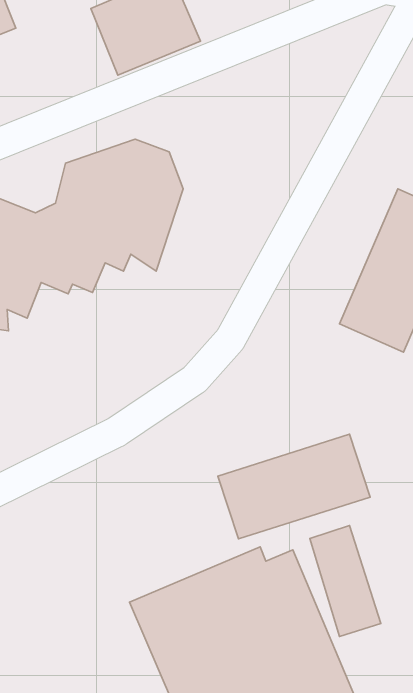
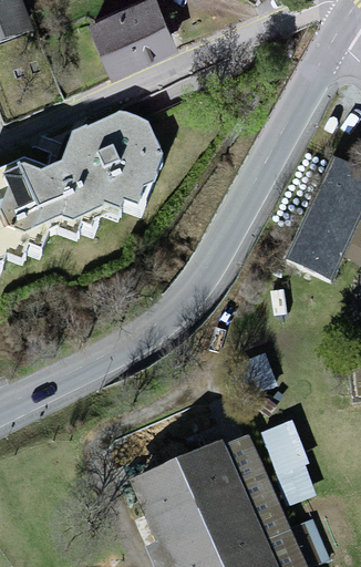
building: [218,434,370,539] -> none

